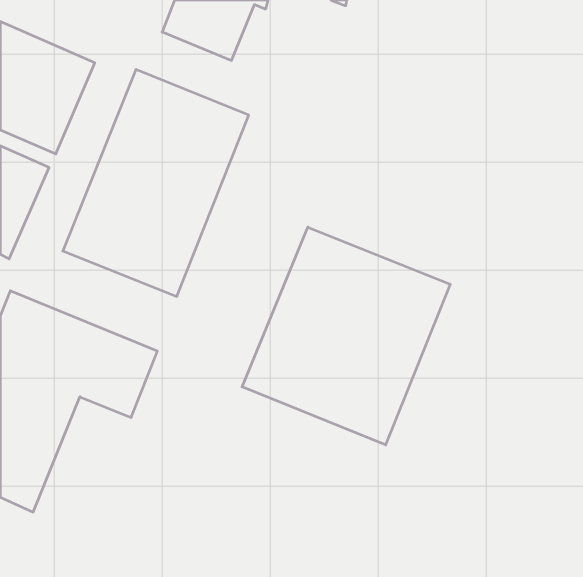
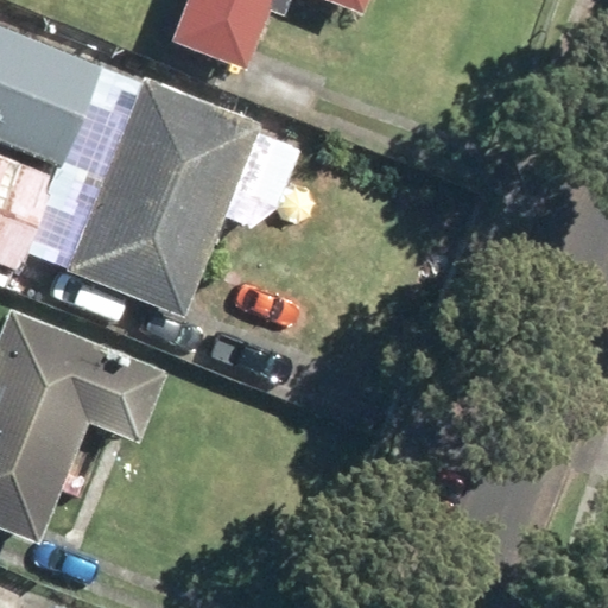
building: [242,227,450,445] -> none

